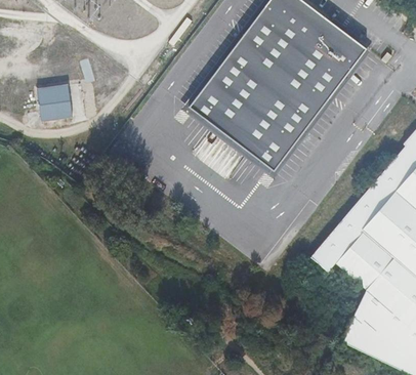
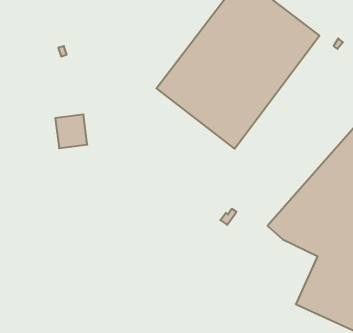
building: [39,84,74,121] -> [55,114,87,148]

